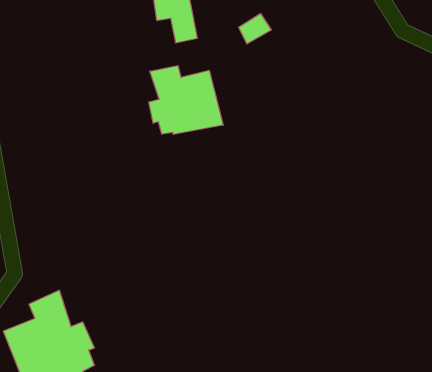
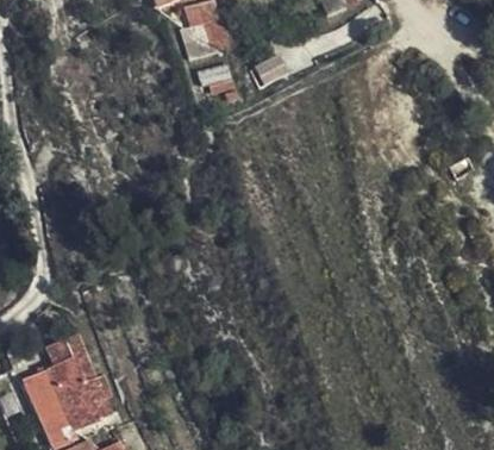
building: [149,66,223,134] -> none

